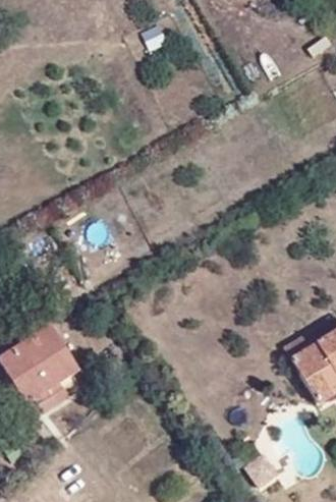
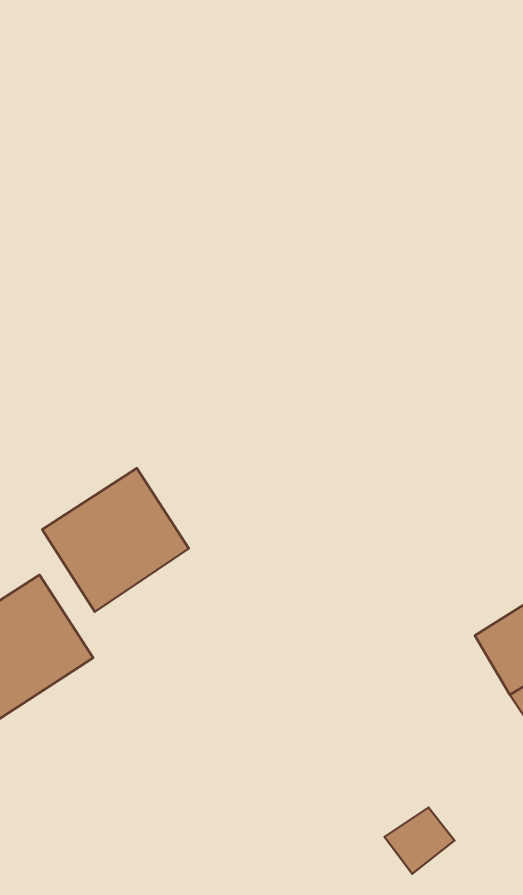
building: none -> [42,468,189,612]

